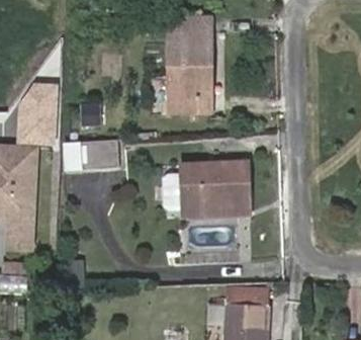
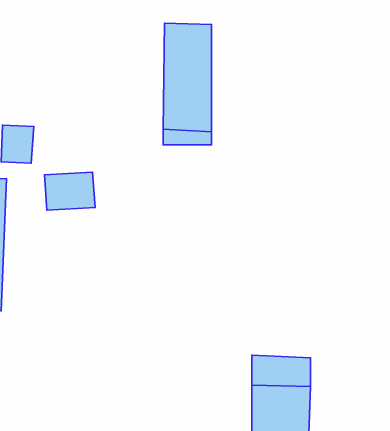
building: [169,157,256,204] -> none

